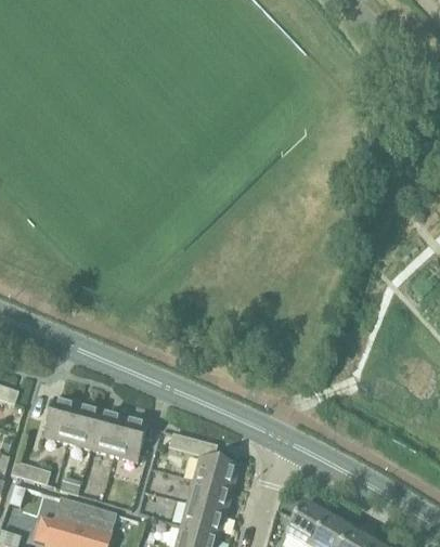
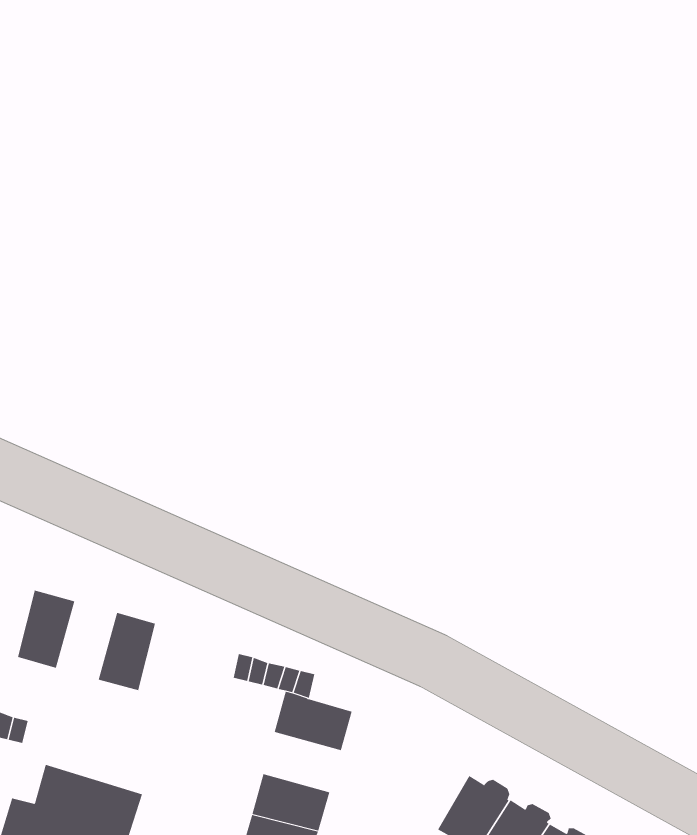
building: [66,403,101,448] -> none
building: [114,416,147,461] -> none
building: [185,479,231,513] -> none

